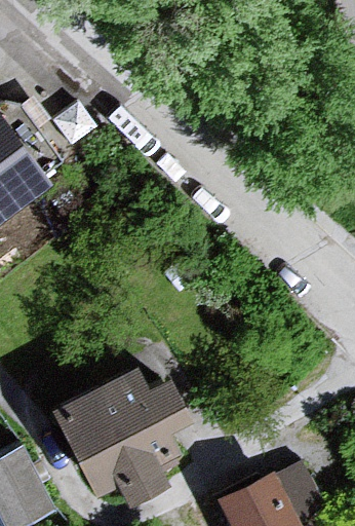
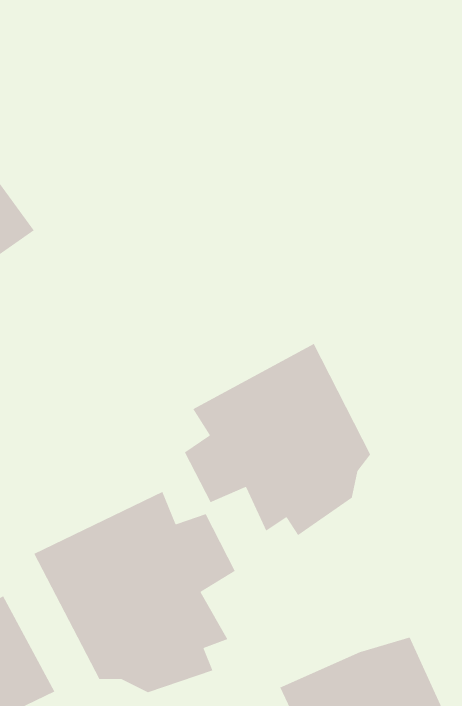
building: none -> [184,343,371,536]

